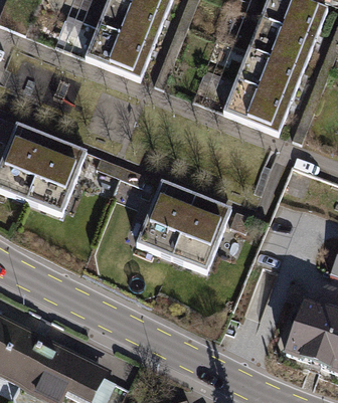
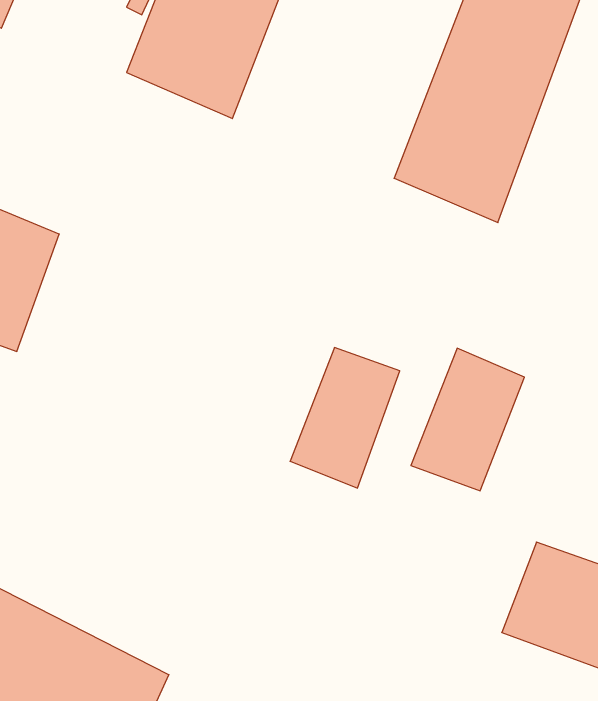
building: [29,139,83,211] -> none
building: [136,183,195,257] -> [411,348,524,491]

